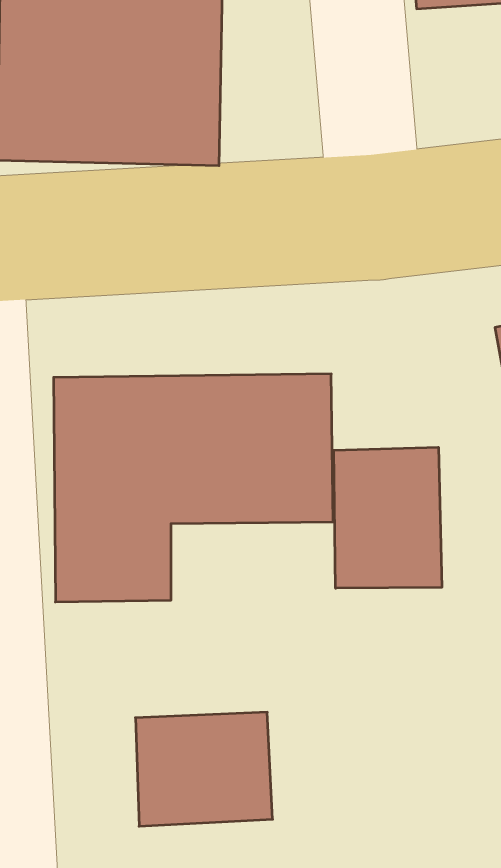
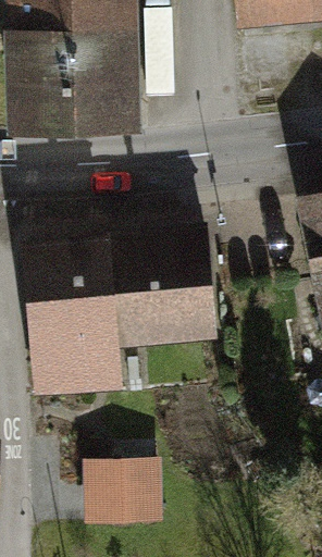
building: [334,447,442,588] -> none

